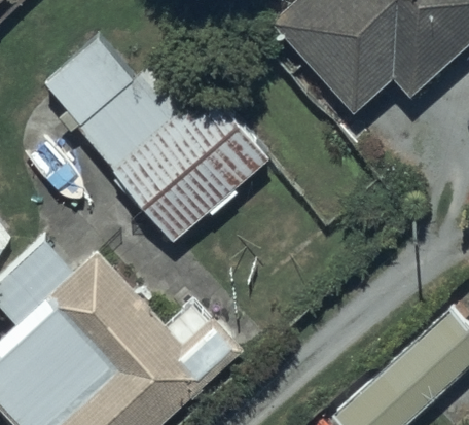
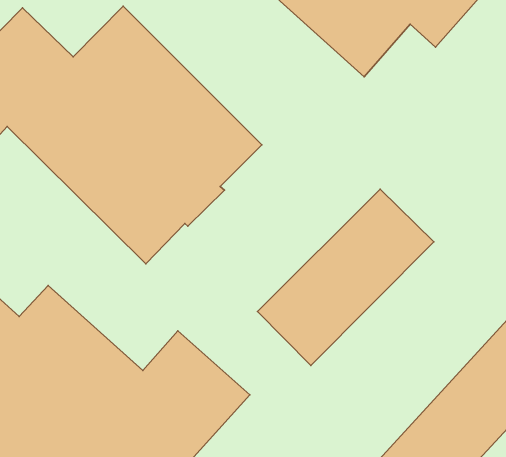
building: none -> [257,189,434,365]

